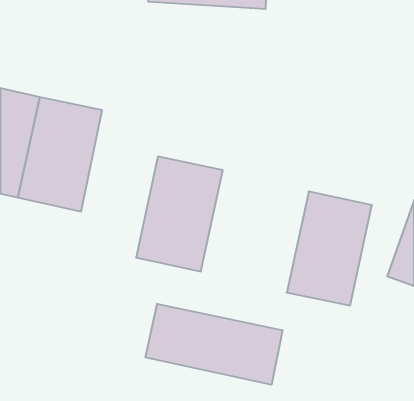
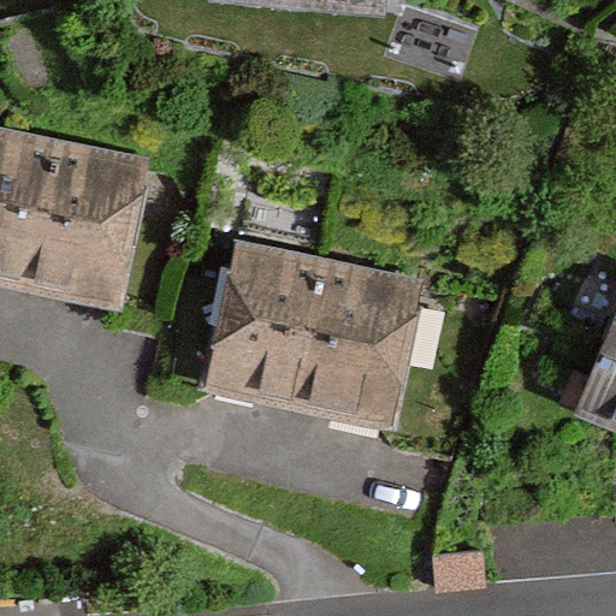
building: [287,191,372,306] -> [298,253,425,422]
building: [145,304,282,385] -> none

